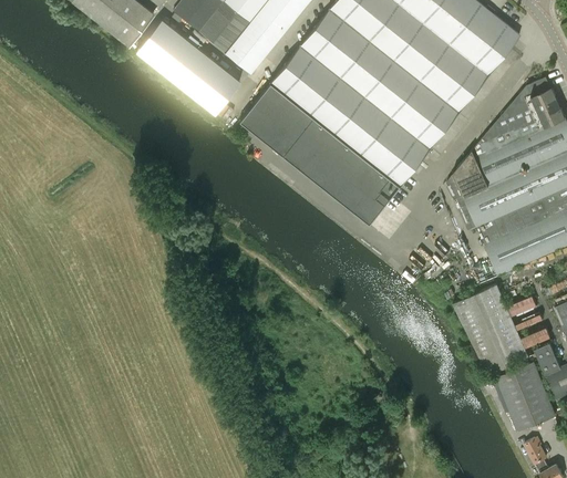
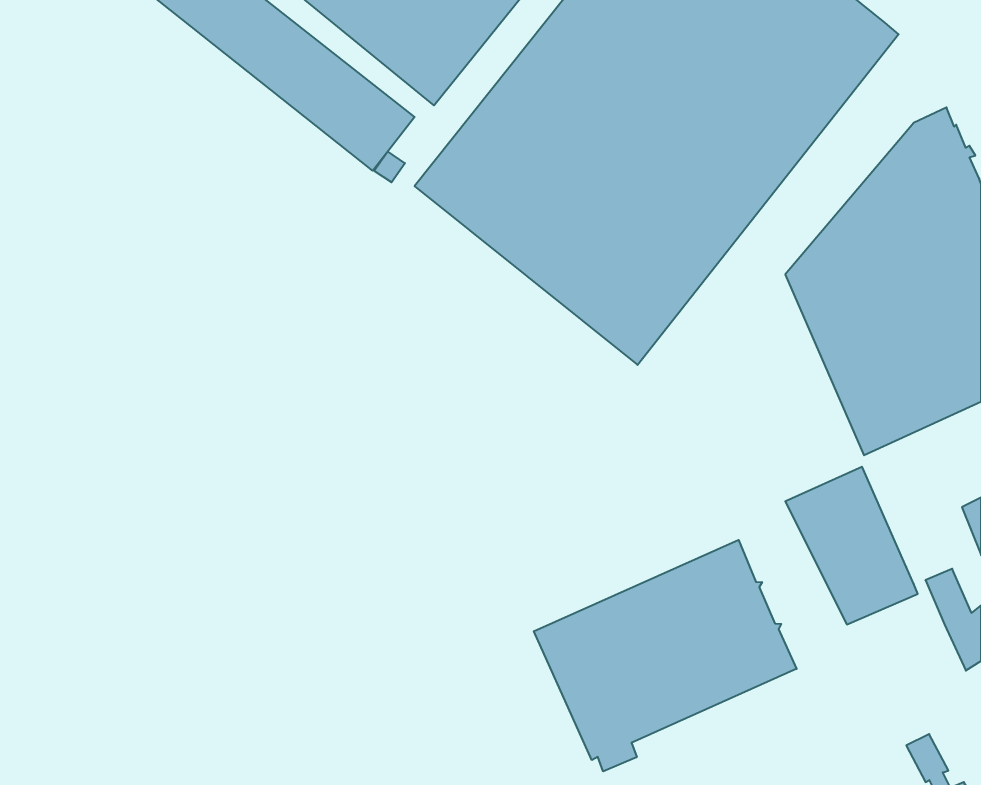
building: none -> [534,540,797,771]
building: [495,361,556,432] -> none

